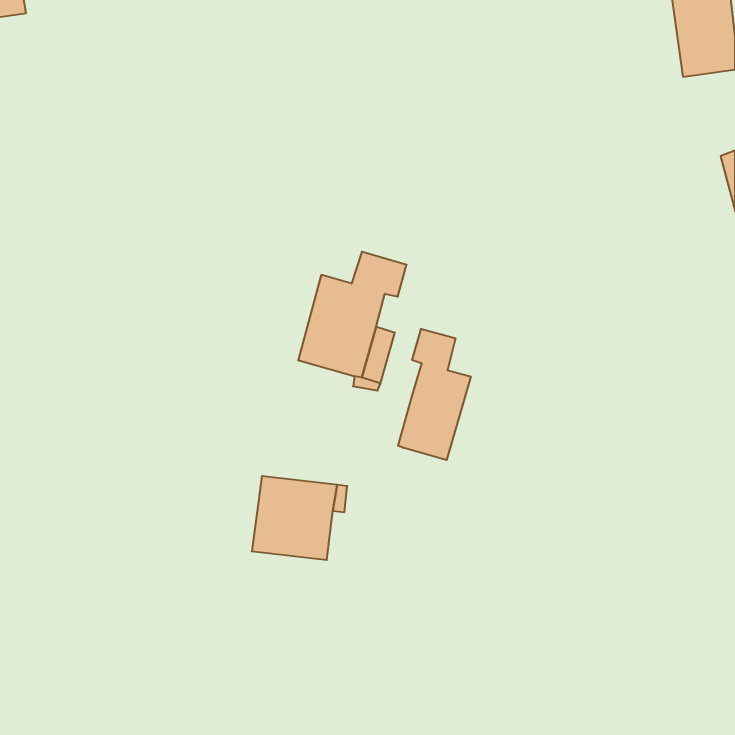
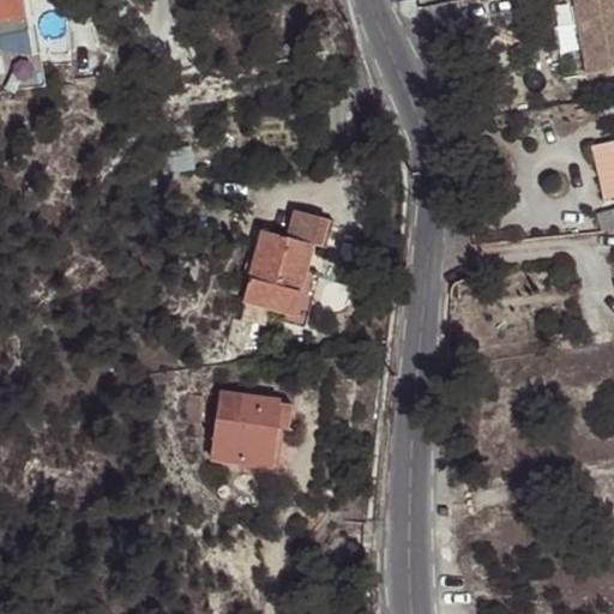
building: [398,329,471,460] -> none

